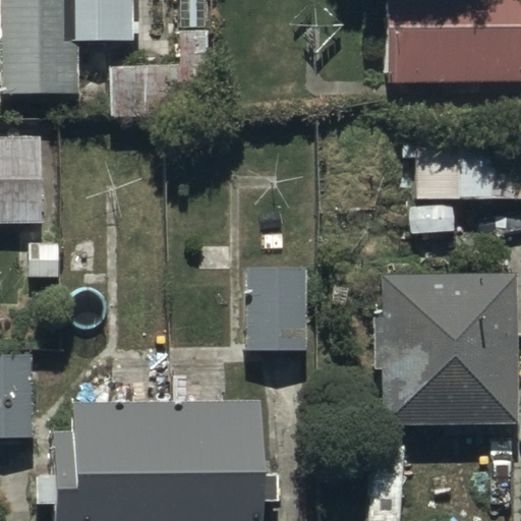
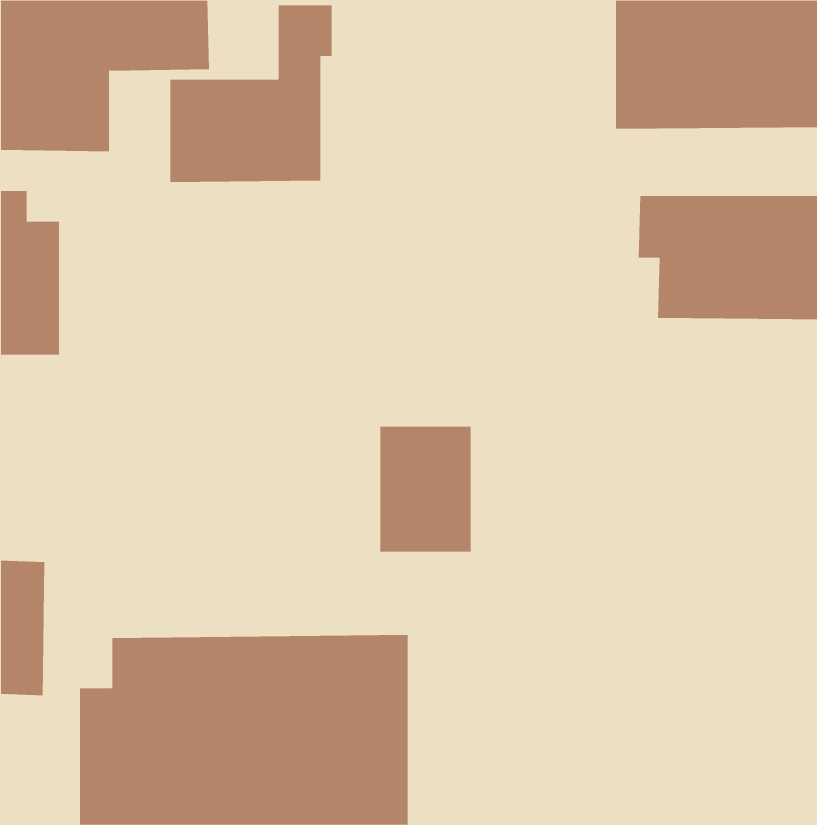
building: [372,276,512,422] -> none

